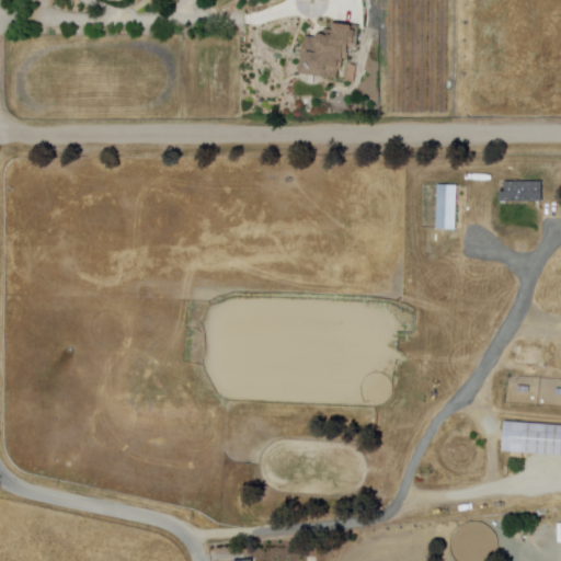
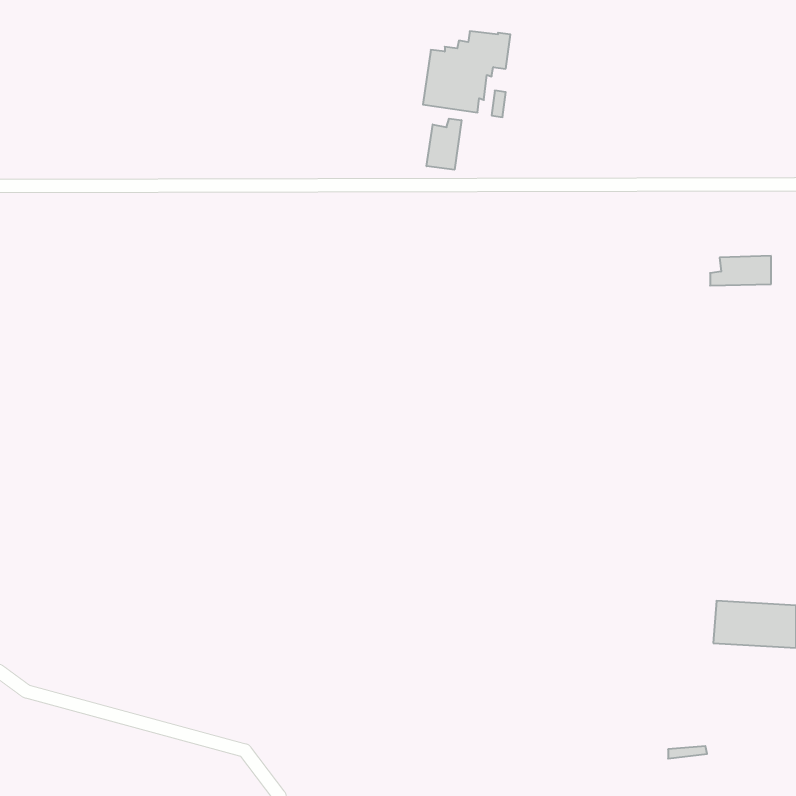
building: none -> [427,119,461,170]
building: [435,185,458,228] -> none

